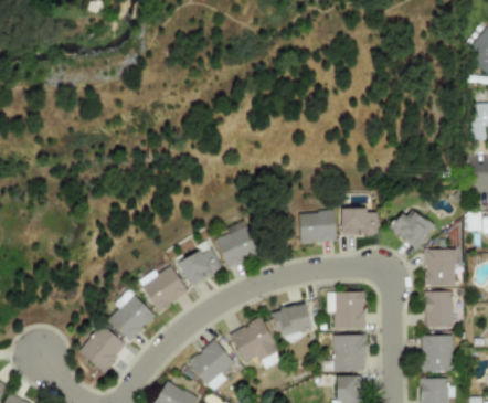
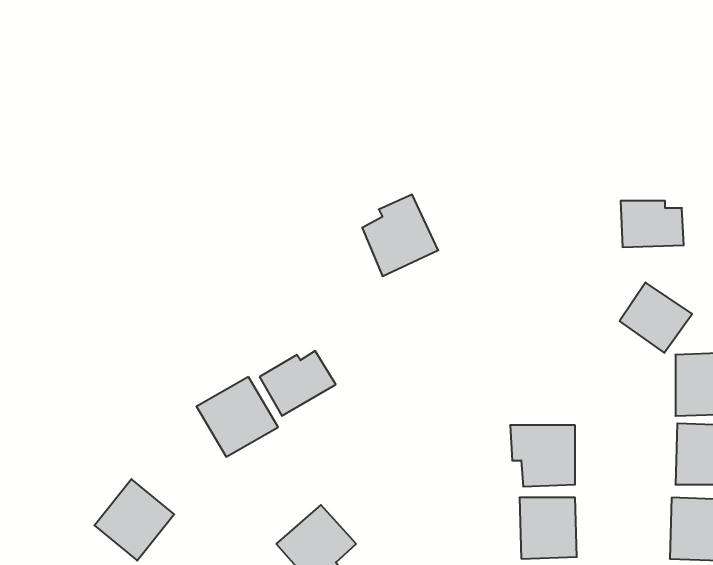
building: [341,209,379,236] -> [621,201,684,247]
building: [299,212,336,243] -> none
building: [215,221,261,269] -> [362,195,438,276]
building: [108,290,156,342] -> none
building: [272,303,312,338] -> none
building: [231,319,277,363] -> none

